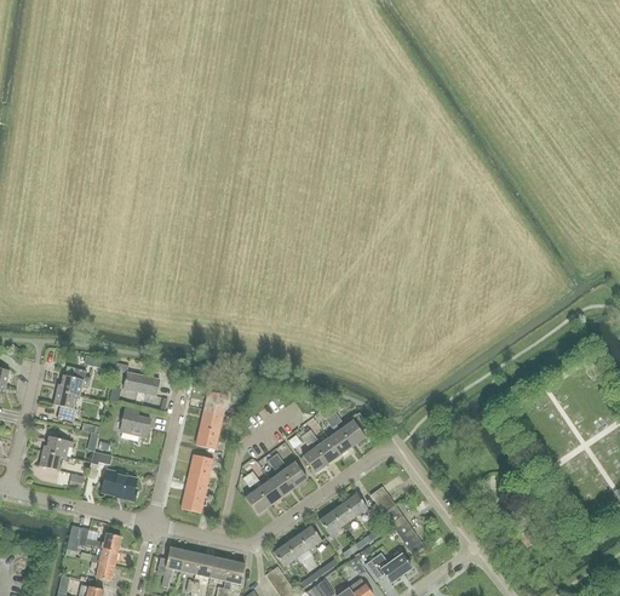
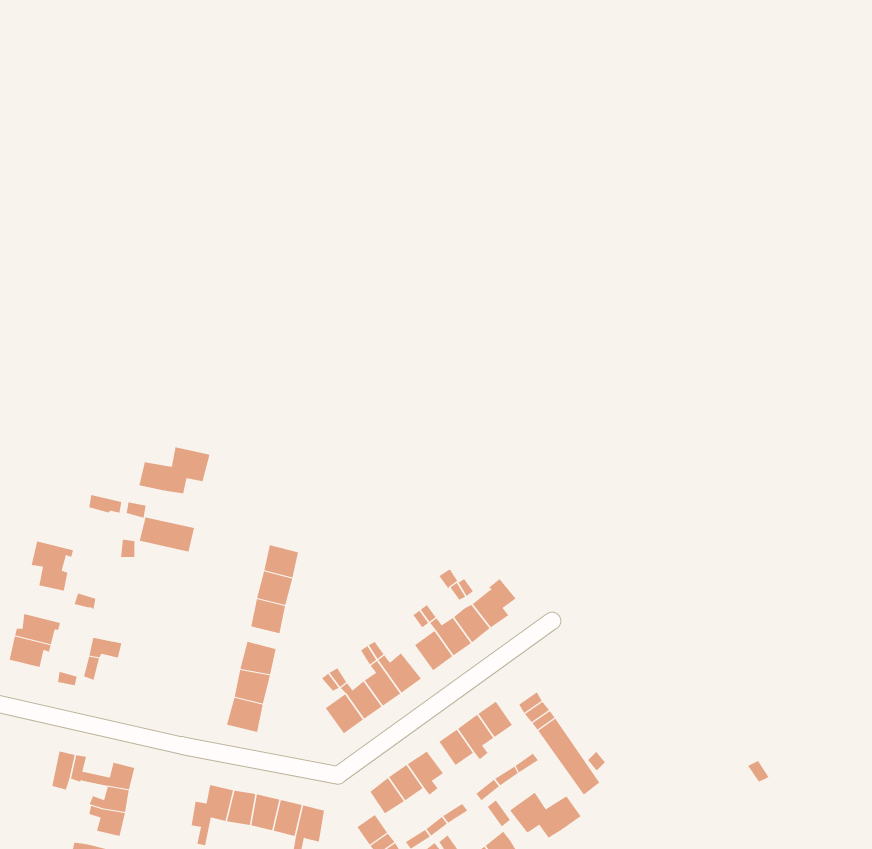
building: none -> [139,446,210,494]
building: [57,366,91,394] -> none
building: [120,406,150,436] -> none
building: [104,471,137,499] -> none

